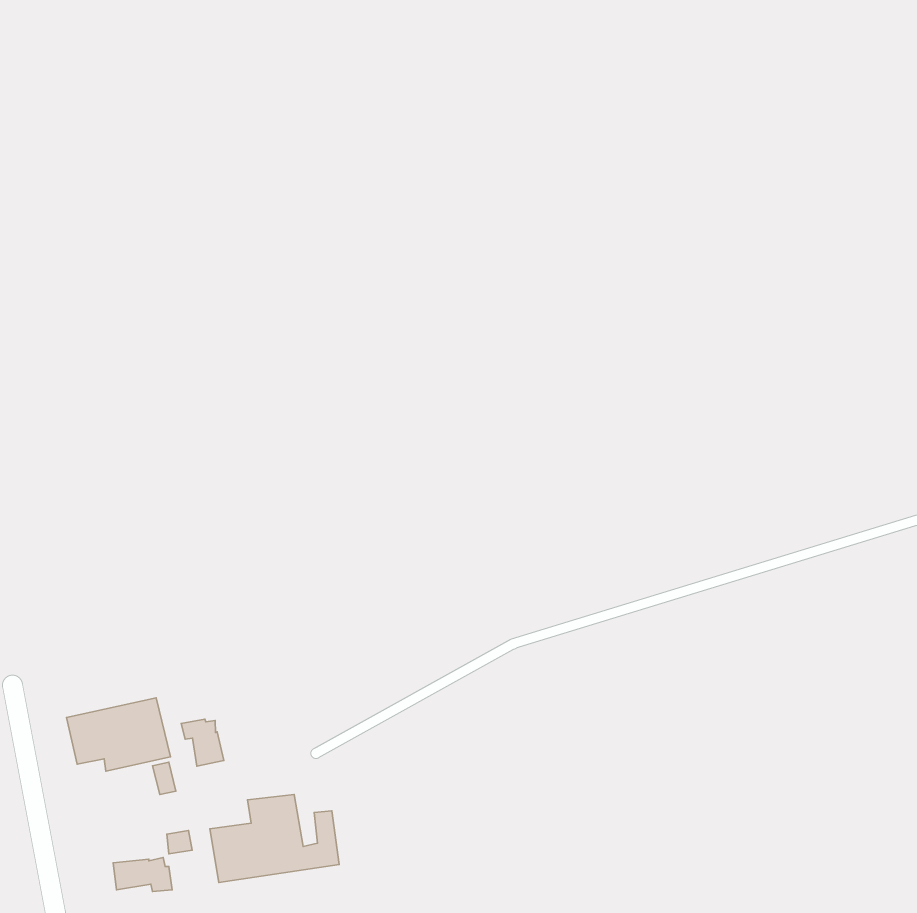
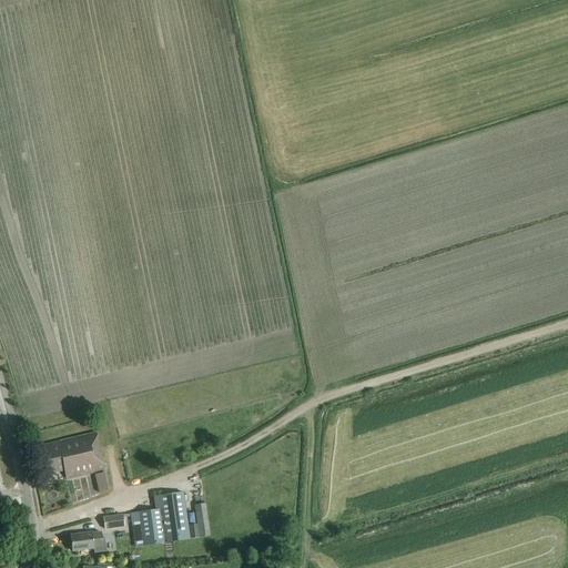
building: [181,719,224,766] -> none

